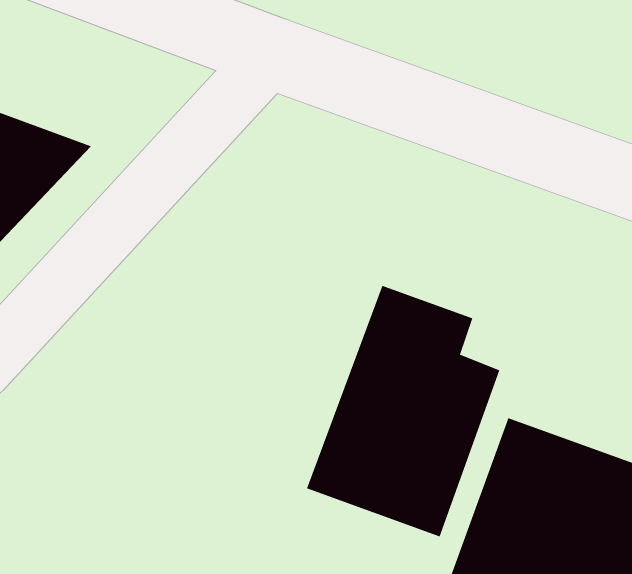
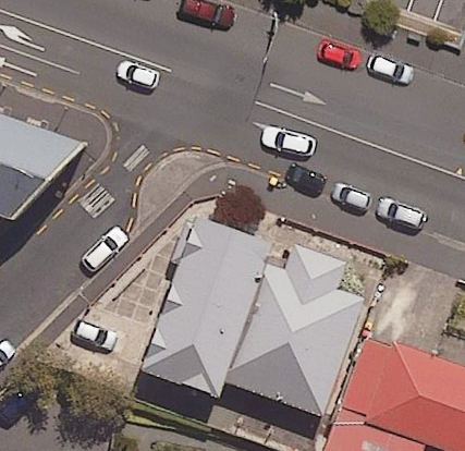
building: none -> [140,219,269,398]

